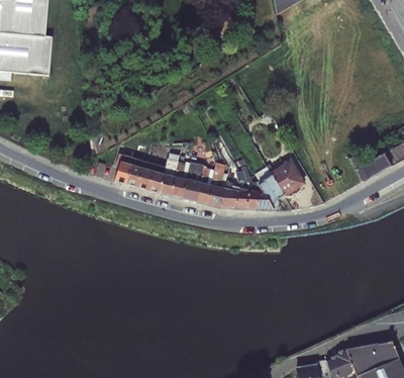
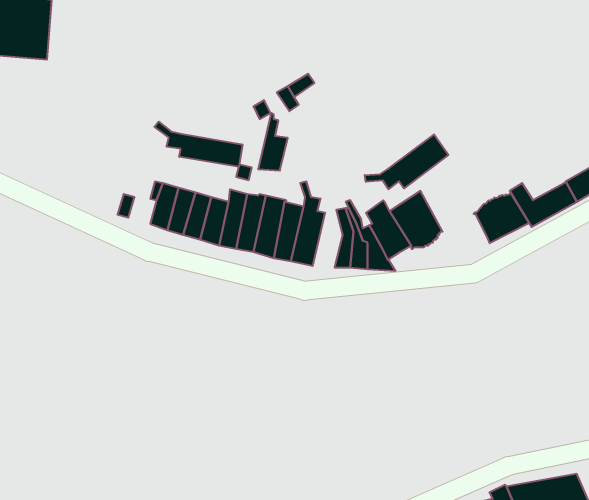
building: none -> [154,122,242,167]
building: none -> [365,134,448,189]
building: none -> [474,193,529,243]
building: [220,171,239,208] -> [258,113,288,171]

